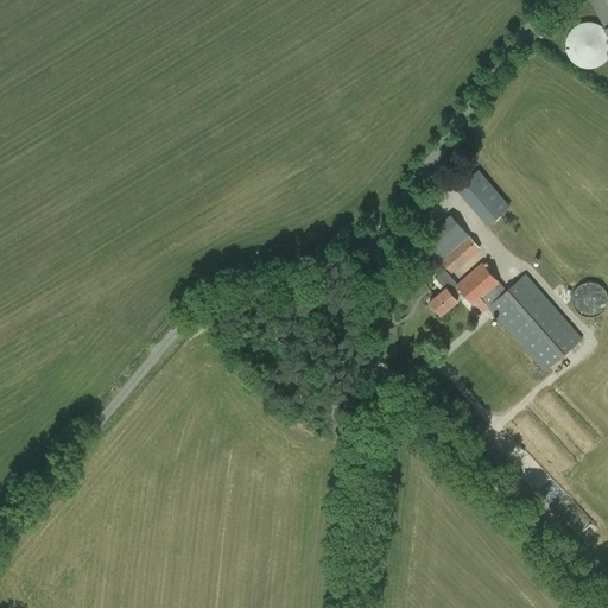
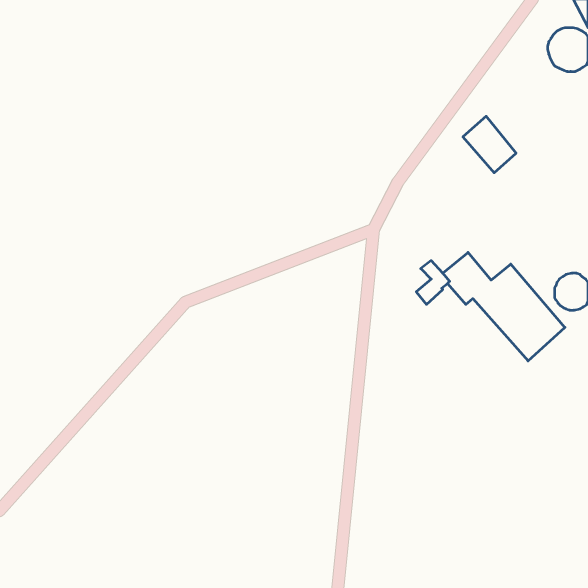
building: [455,166,509,224] -> [463,116,516,173]
building: [420,213,480,272] -> none

